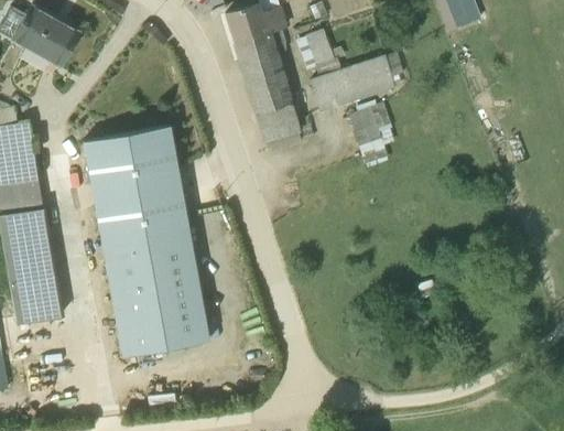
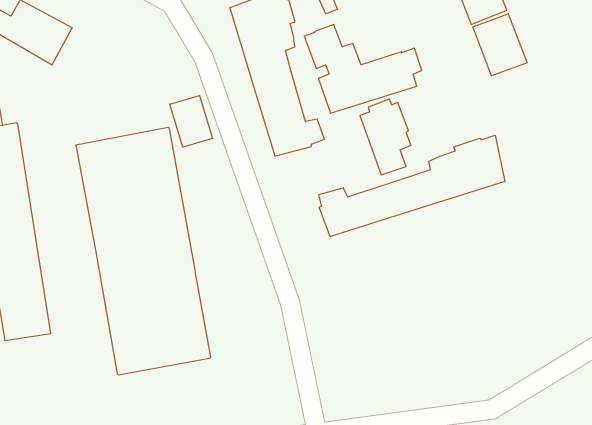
building: none -> [473,14,527,76]
building: none -> [170,96,213,147]
building: none -> [319,135,505,237]

